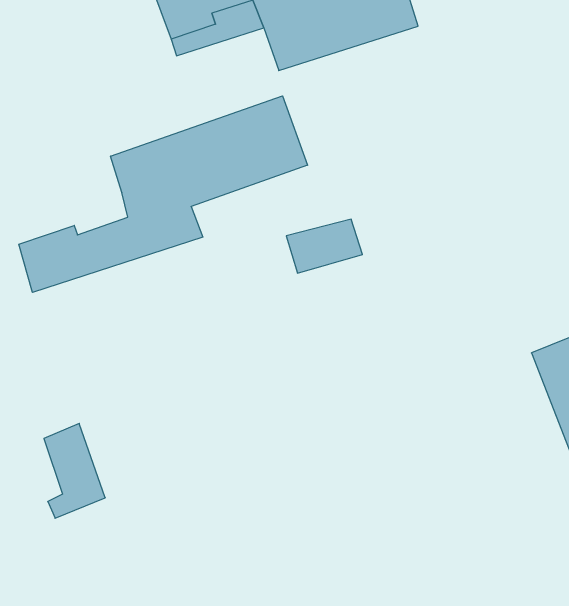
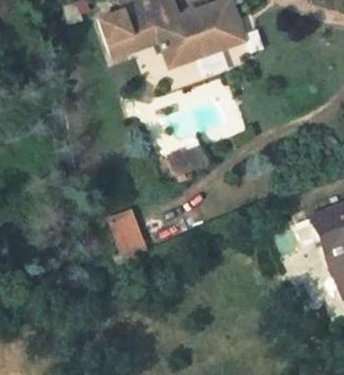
building: [19,96,308,292] -> none
building: [44,423,105,518] -> [116,210,150,262]

